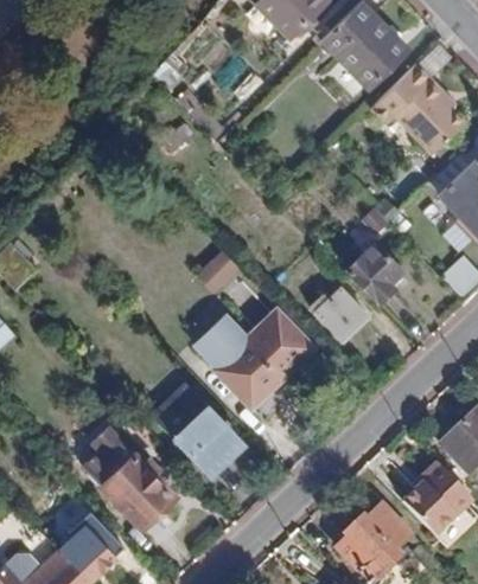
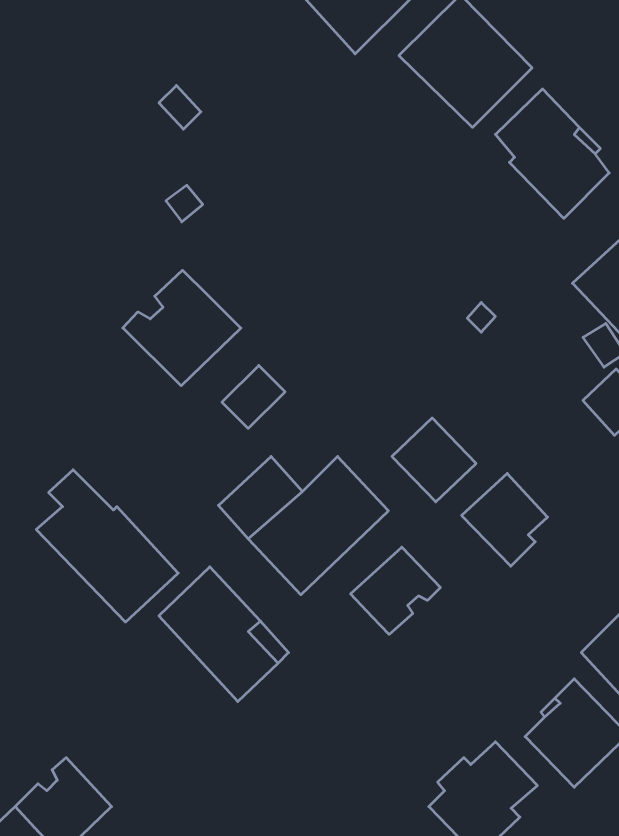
building: none -> [123,270,241,386]
building: [345,242,403,304] -> [462,473,548,566]
building: none -> [351,547,440,634]
building: [81,426,177,530] -> [36,470,178,622]

